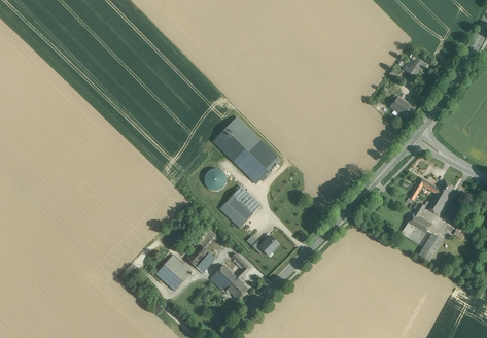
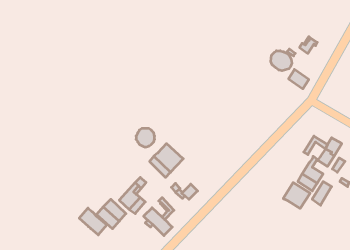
building: none -> [271,51,292,71]
building: [213,116,280,183] -> none
building: none -> [283,183,310,208]
building: none -> [79,208,107,235]

